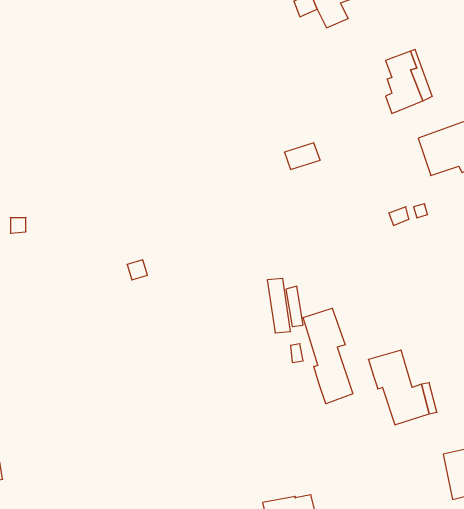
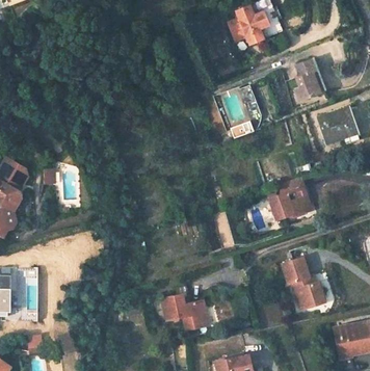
building: none -> [272,177,314,218]
building: [303,308,353,404] -> none
building: none -> [161,293,208,330]

